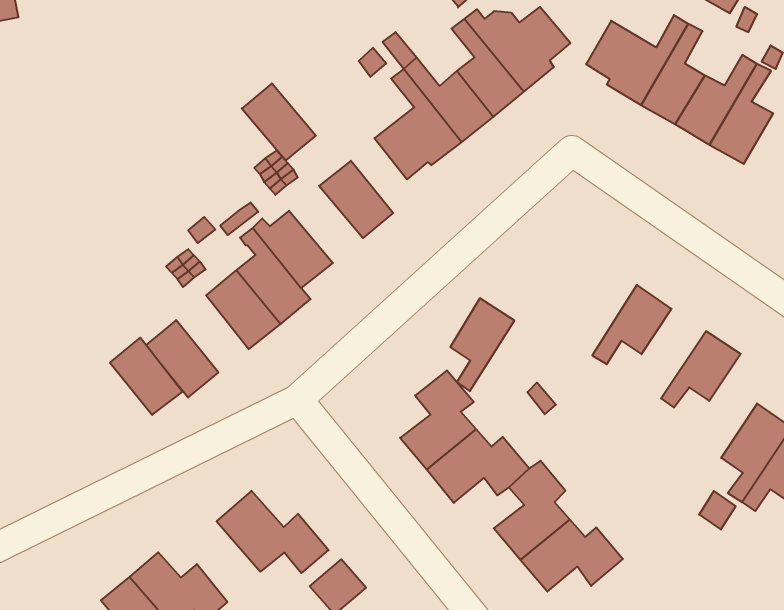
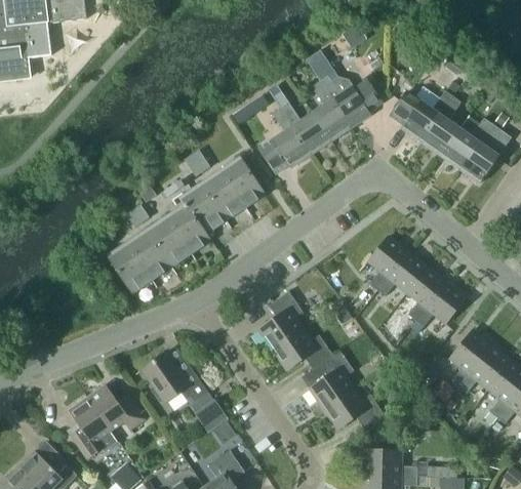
building: [242,83,316,161] -> [202,173,245,220]
building: [450,298,514,391] -> [367,235,407,290]
building: none -> [406,267,446,320]
building: [110,338,183,415] -> [128,233,170,280]

